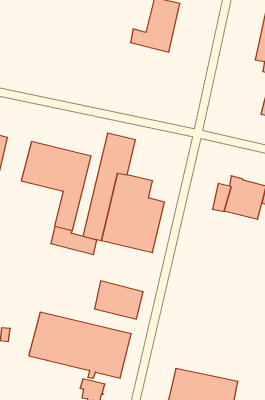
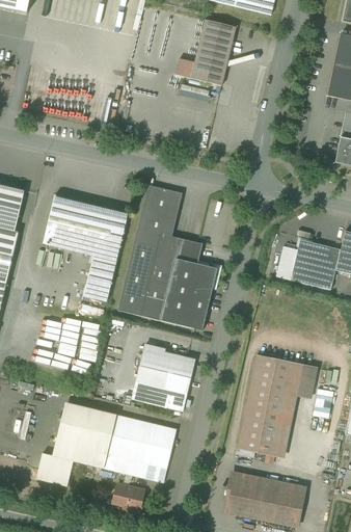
building: [51,226,97,255] -> [139,343,195,377]
building: none -> [238,354,312,455]
building: none -> [36,452,74,485]

